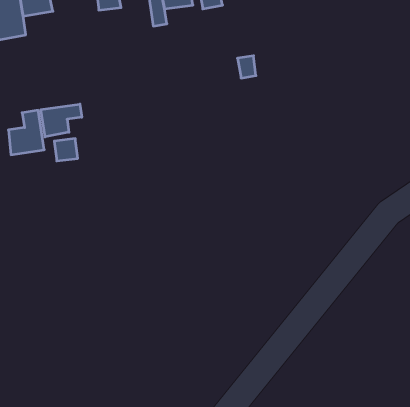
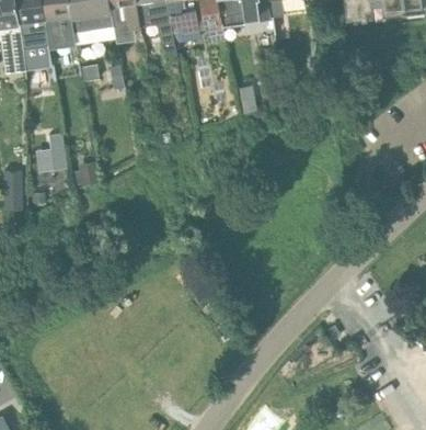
building: [41,104,82,137] -> none

